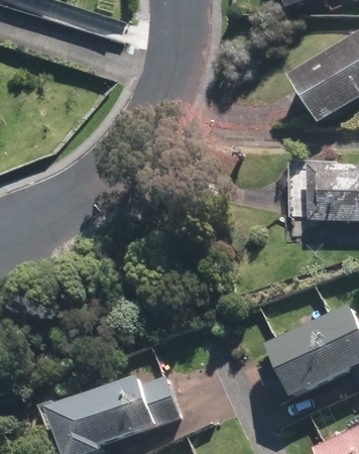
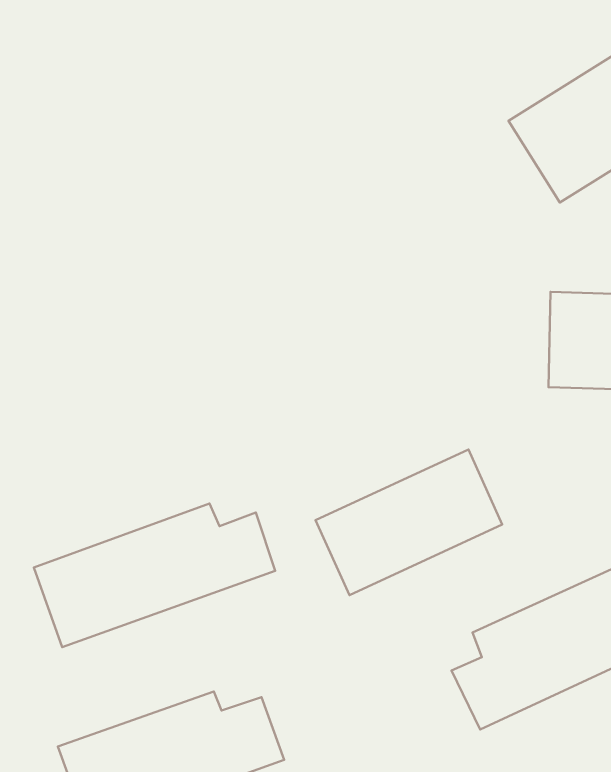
building: none -> [316,449,502,595]
building: none -> [34,504,275,647]

